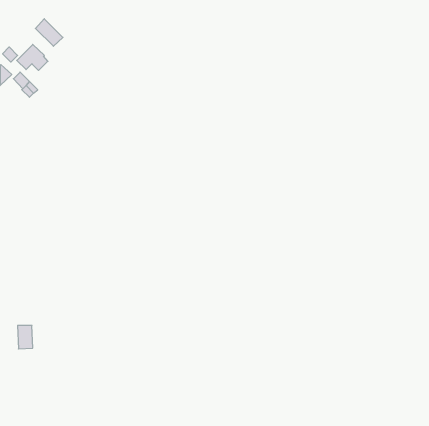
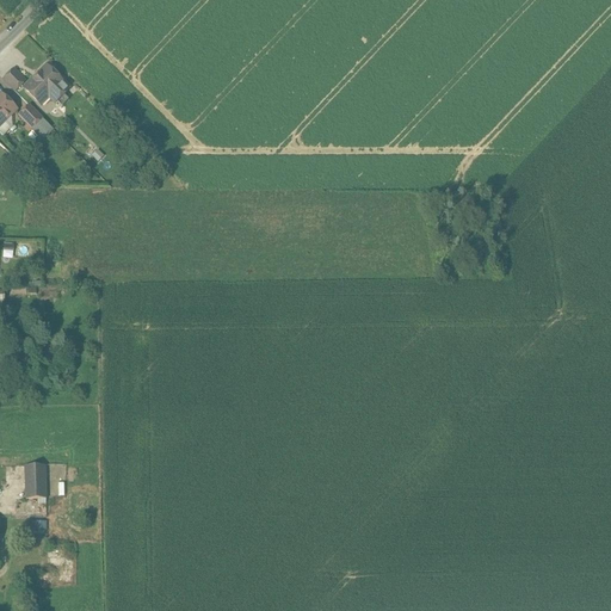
building: [35,19,63,46] -> none

